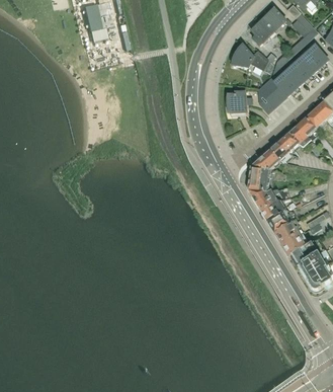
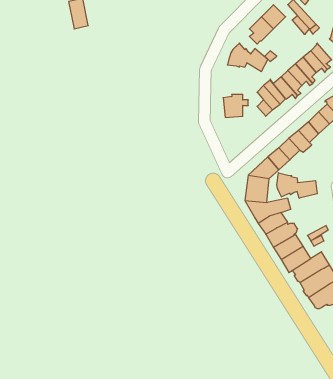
building: none -> [277,173,317,198]

